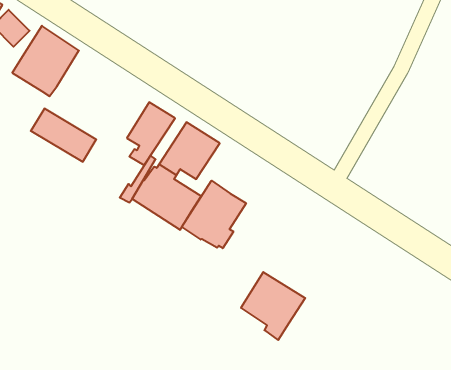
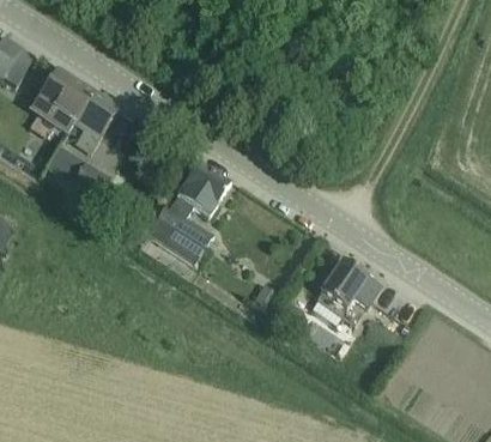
building: [127,102,175,165] -> [72,90,119,151]
building: [182,181,246,248] -> none
building: [241,272,305,340] -> [319,259,381,325]

